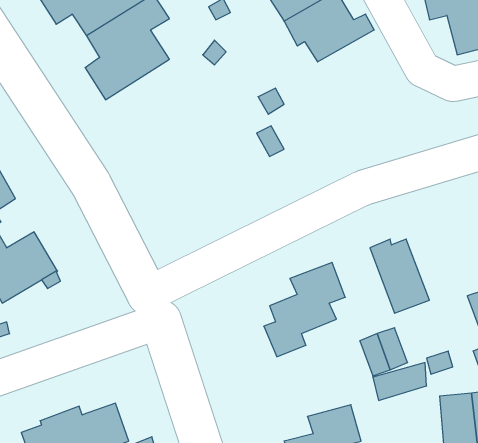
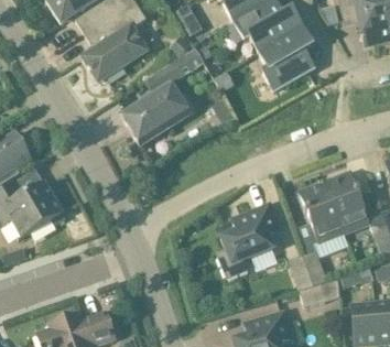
building: none -> [259,28,314,90]
building: none -> [121,46,205,142]
building: none -> [326,172,369,232]

